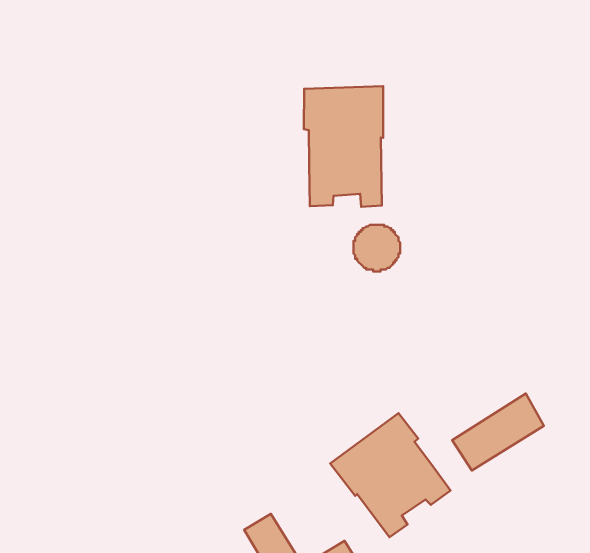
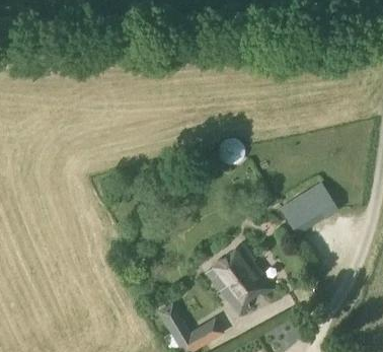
building: [304,86,383,207] -> none
building: [452,393,544,471] -> [285,191,336,234]

